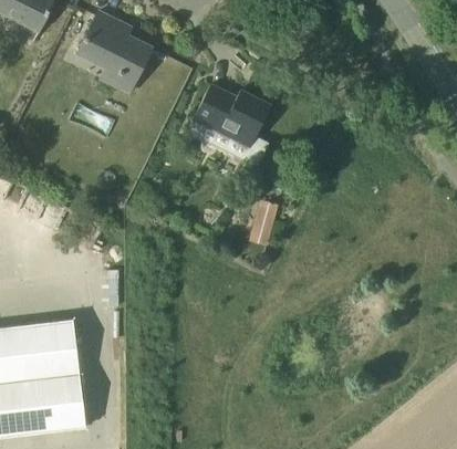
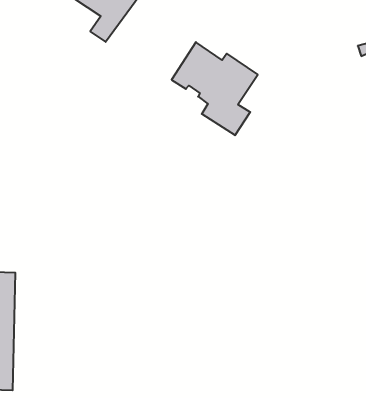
building: [249,203,278,246] -> none

